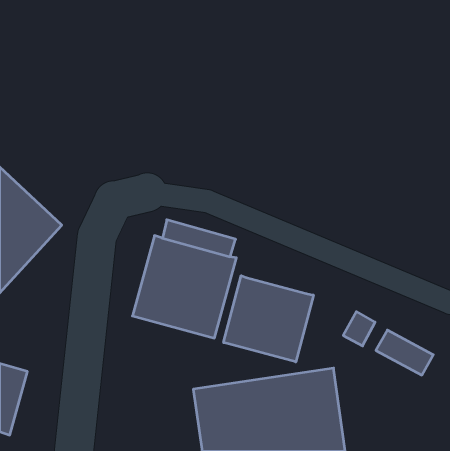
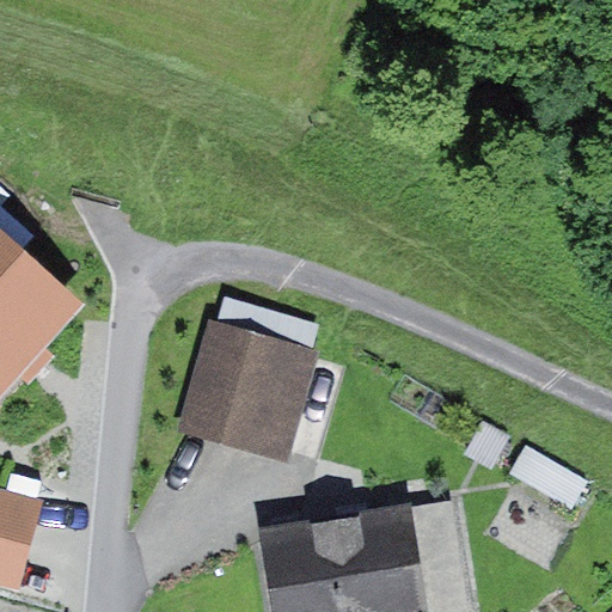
building: [224,276,313,362] -> none

